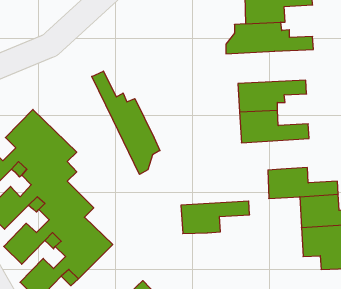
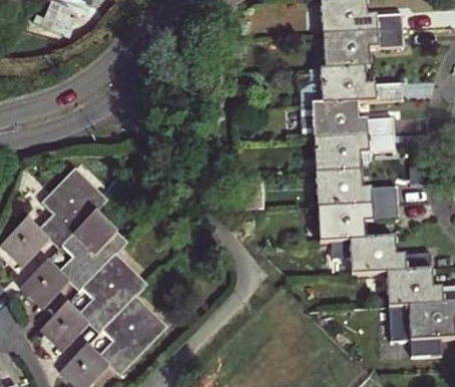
building: none -> [300,100,393,139]
building: [92,71,160,174] -> none
building: [181,201,250,234] -> [318,203,398,241]

